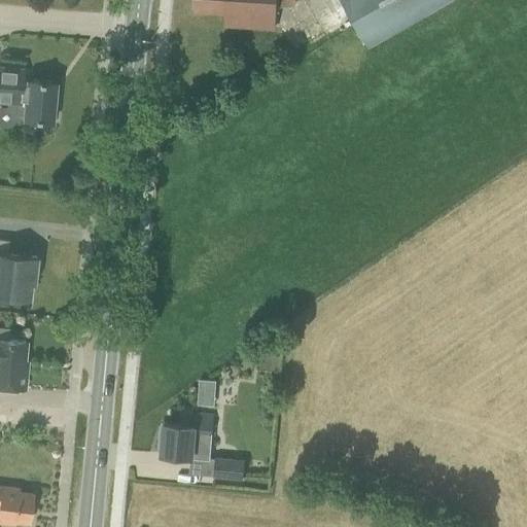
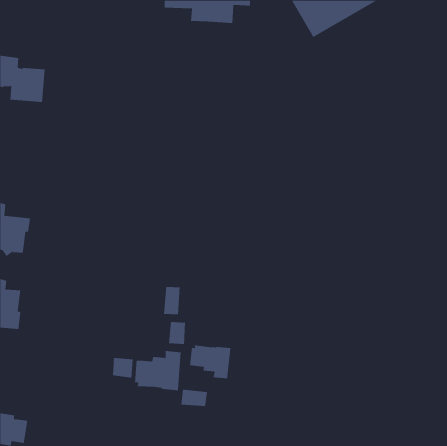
building: none -> [164,286,180,315]
building: none -> [190,345,231,379]
building: none -> [112,357,133,378]

